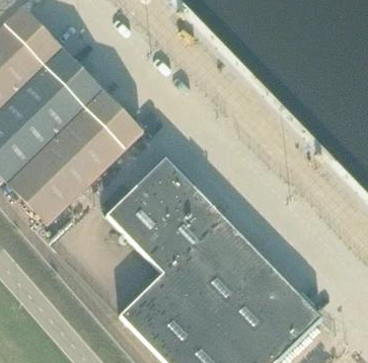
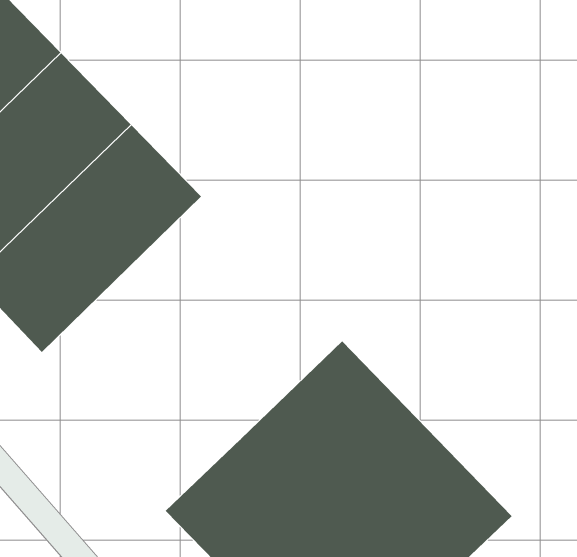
building: [107,157,223,273] -> none

